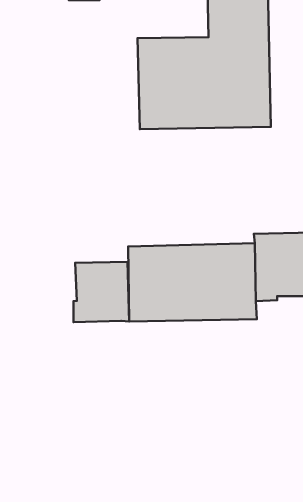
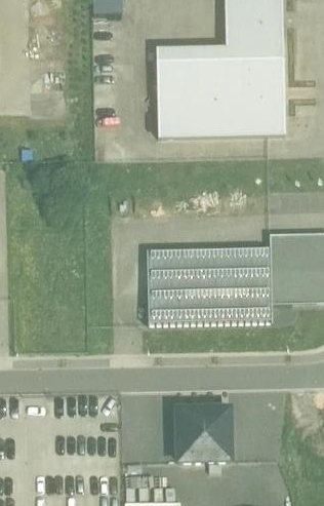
building: [73,262,129,322] -> none
building: none -> [178,406,231,459]

